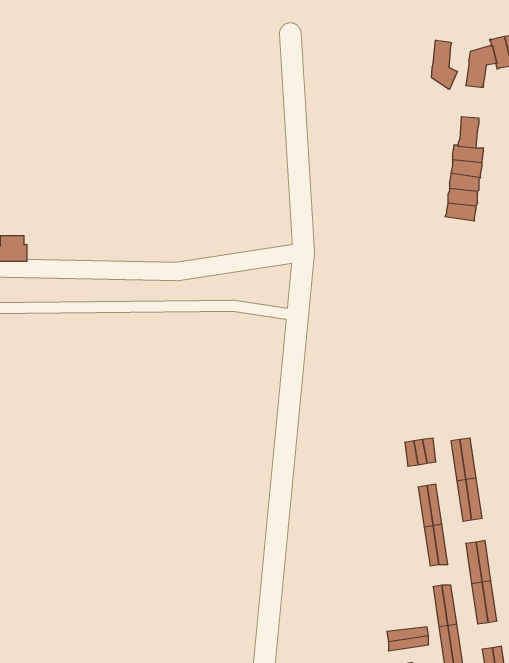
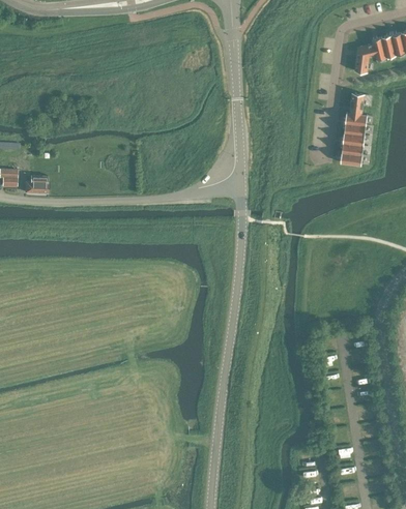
building: [432,40,457,89] -> none

